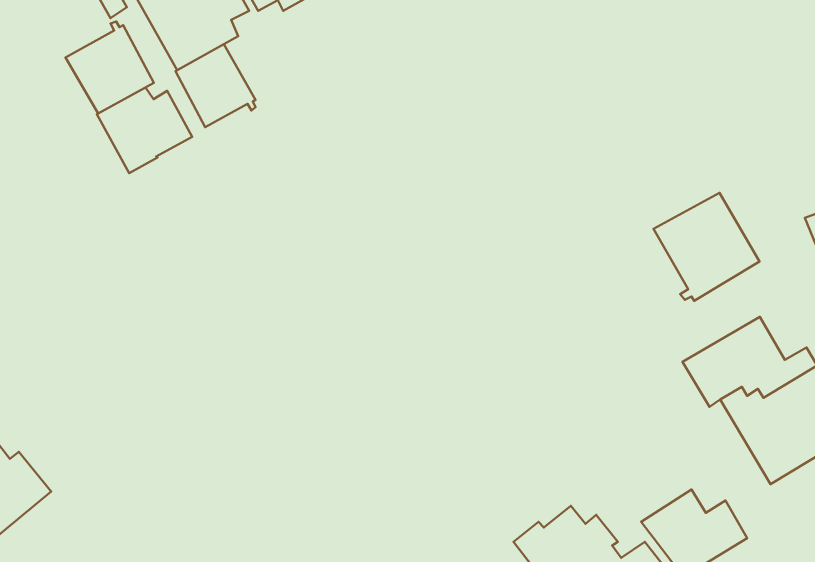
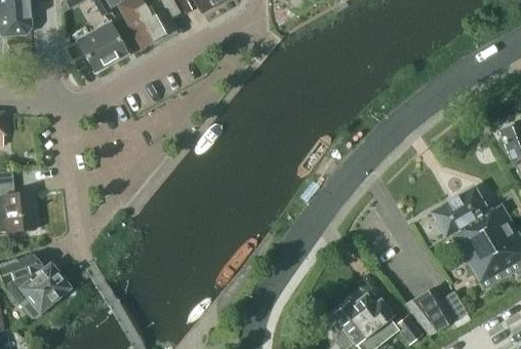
building: [176,44,256,127] -> none
building: [97,87,192,173] -> none
building: [654,193,760,301] -> none

